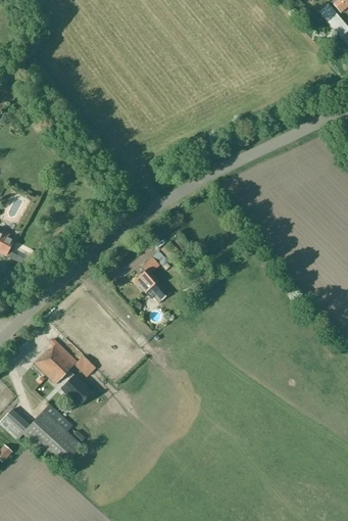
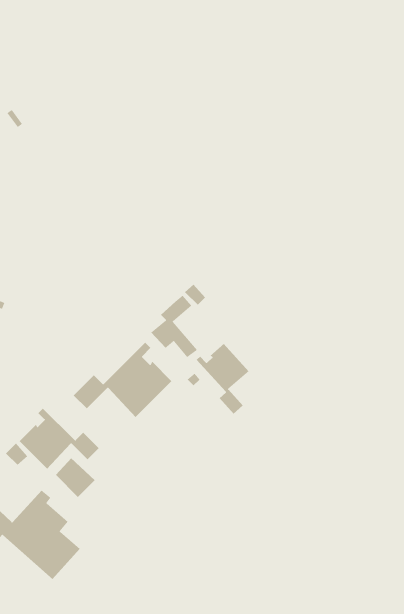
building: none -> [73,342,172,418]
building: none -> [196,343,250,414]

